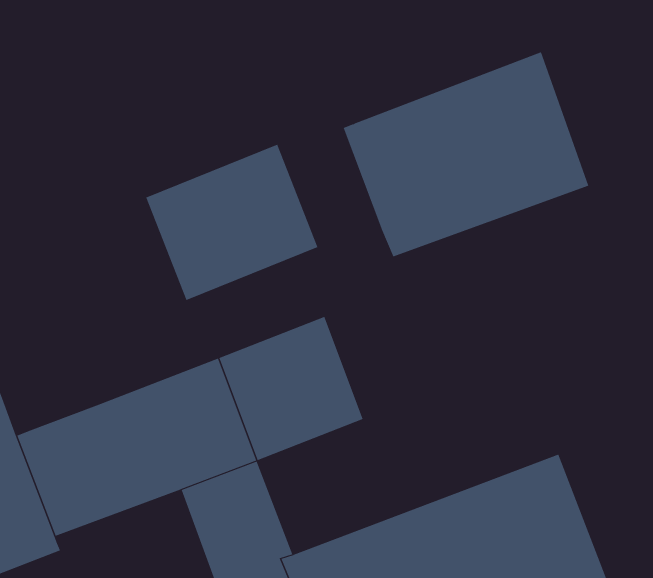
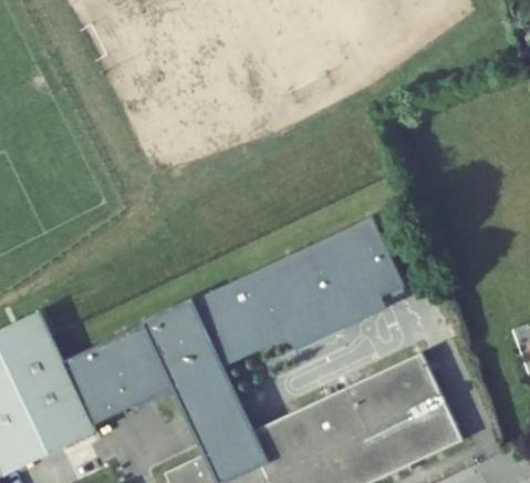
building: [343,52,589,257] -> [254,210,417,352]
building: [146,144,318,301] -> none

